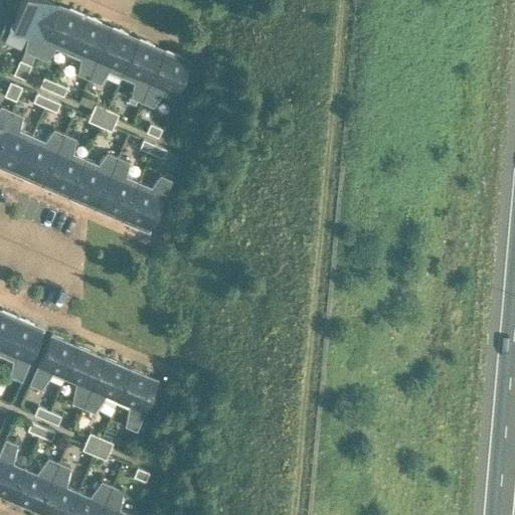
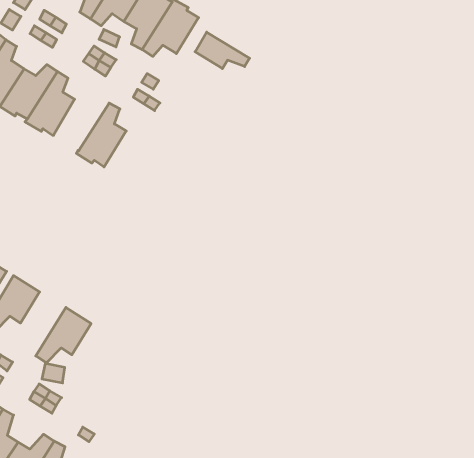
building: none -> [195,32,250,69]
building: [68,153,119,207] -> none
building: [121,176,173,231] -> none
building: [64,347,106,408] -> none
building: [118,370,159,433] -> none

